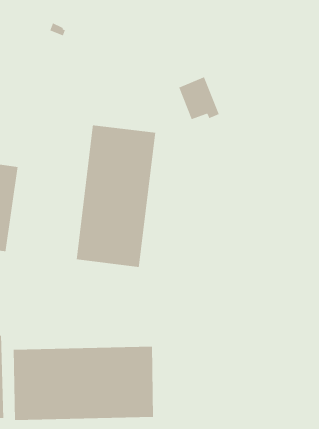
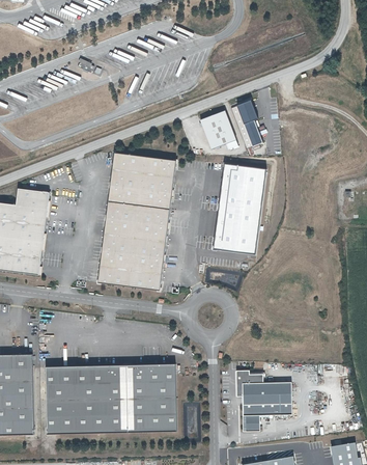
building: none -> [230,99,262,148]
building: none -> [213,163,265,254]
building: none -> [235,370,290,430]

